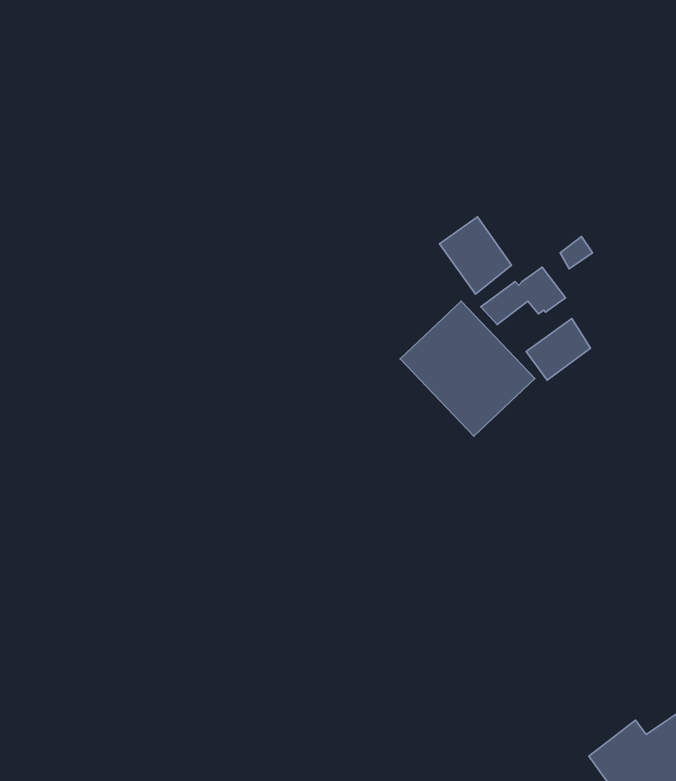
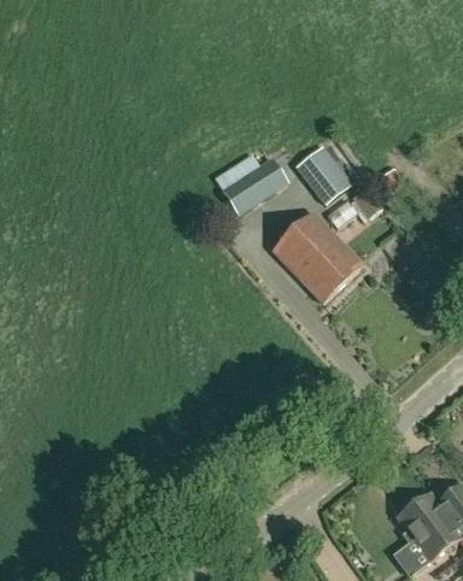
building: none -> [213,152,287,213]
building: [526,319,590,380] -> none

